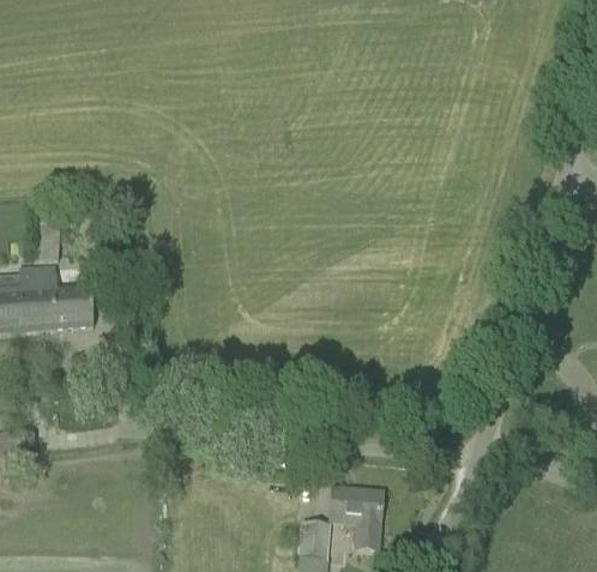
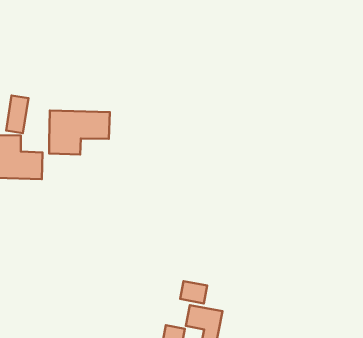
building: none -> [49,111,110,155]
building: none -> [180,281,207,303]

